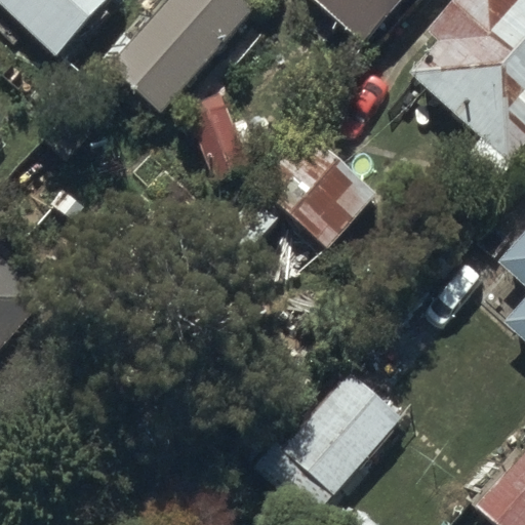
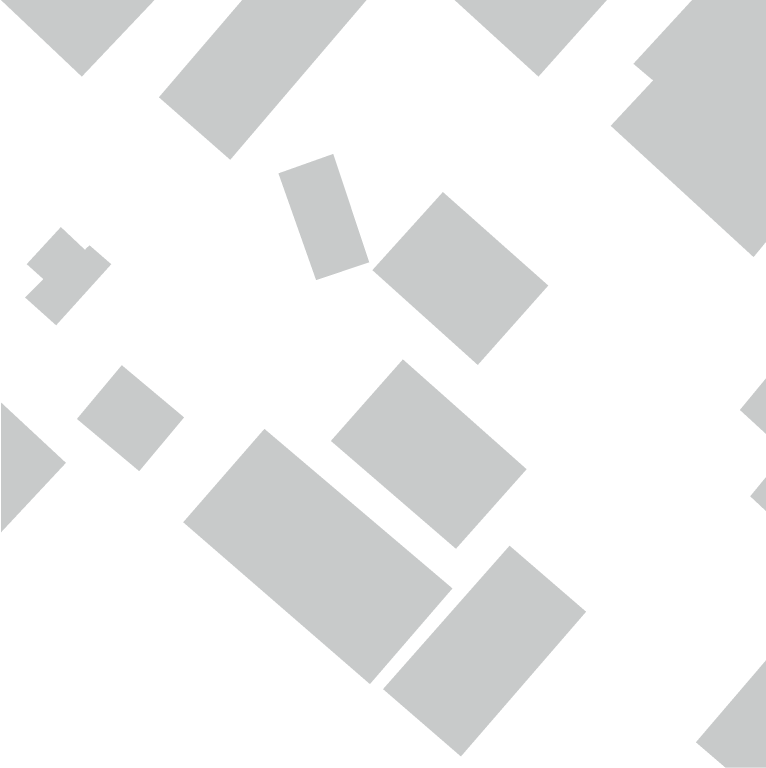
building: none -> [330,359,527,550]
building: none -> [182,428,454,685]

